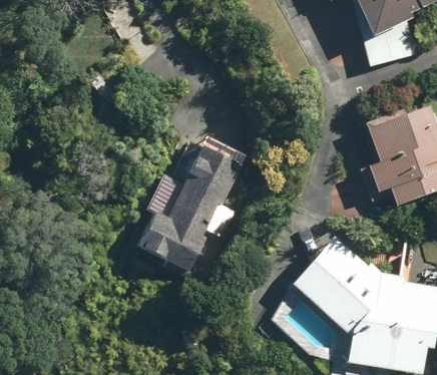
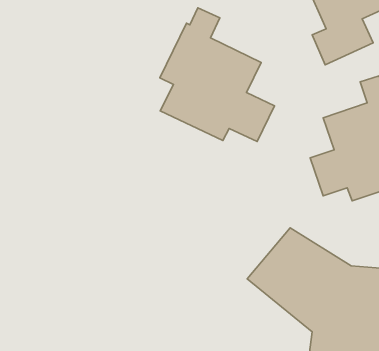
building: none -> [160,8,274,142]
building: [131,136,250,276] -> none

